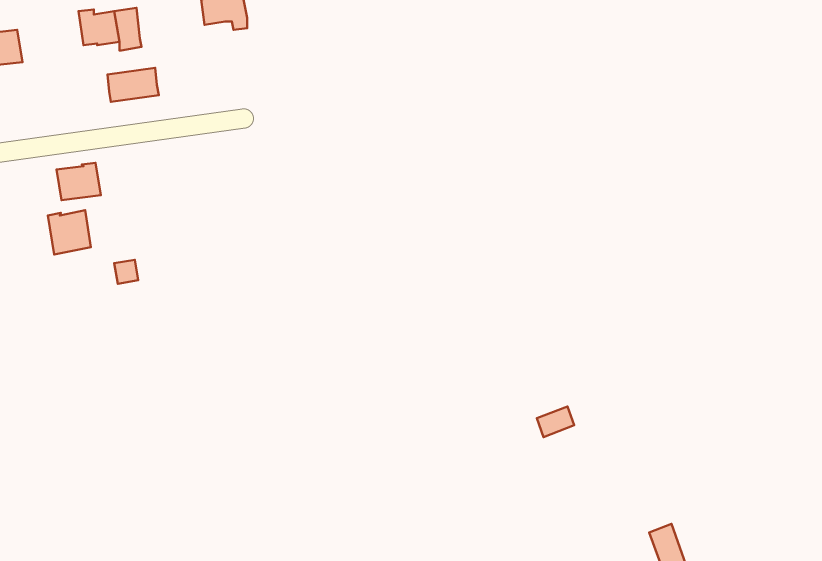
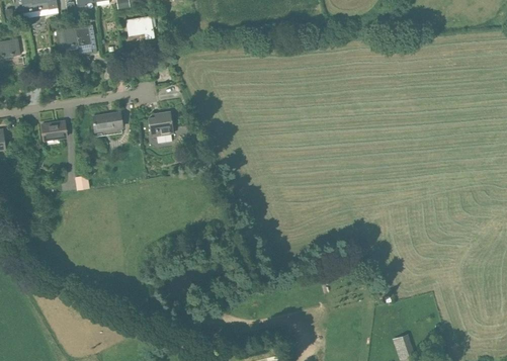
building: [108,68,159,102] -> [93,109,123,129]
building: none -> [149,111,174,136]
building: [48,210,91,254] -> none

